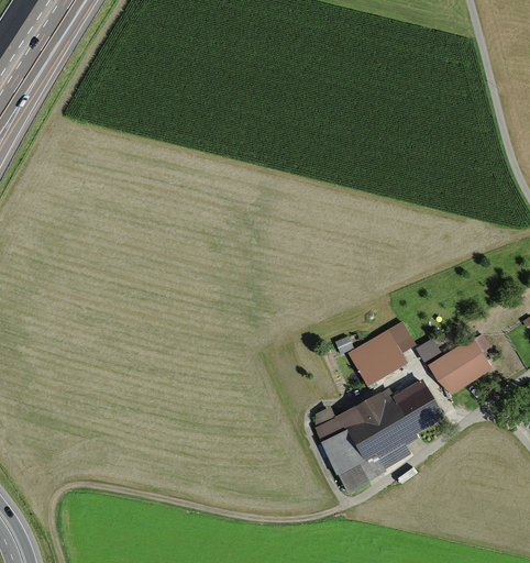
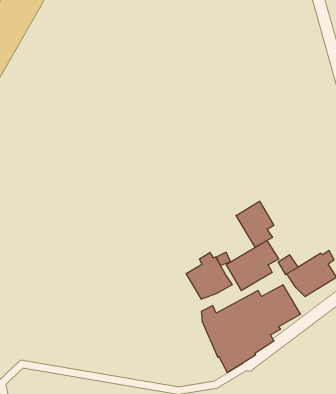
building: none -> [236,201,274,247]
building: none -> [186,252,232,299]

